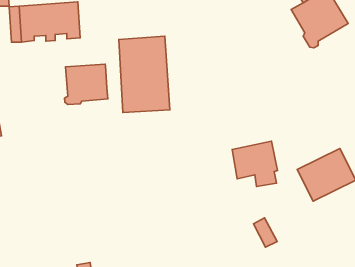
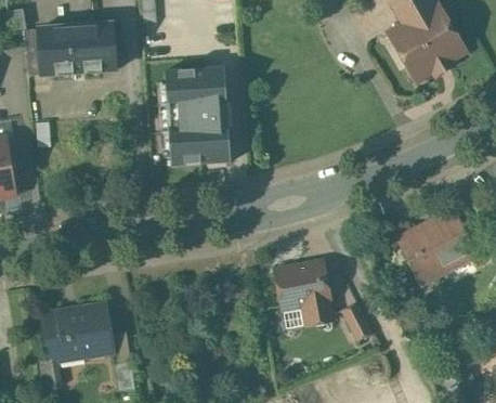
building: [65,64,108,105] -> none
building: [232,141,277,186] -> [273,260,331,318]
building: none -> [42,306,112,360]

